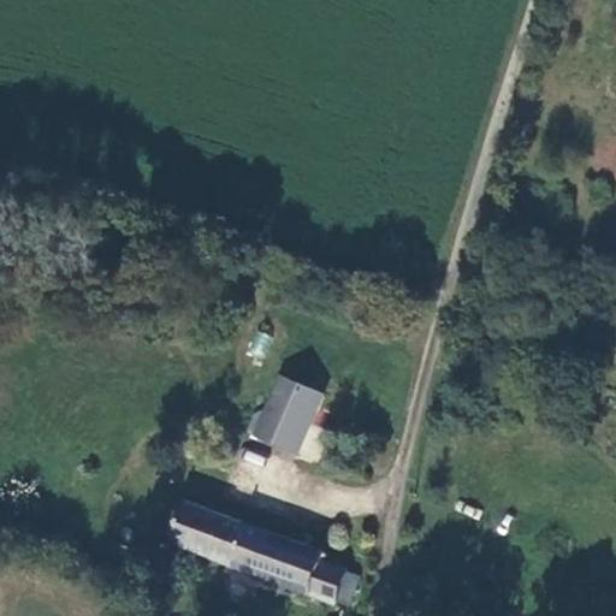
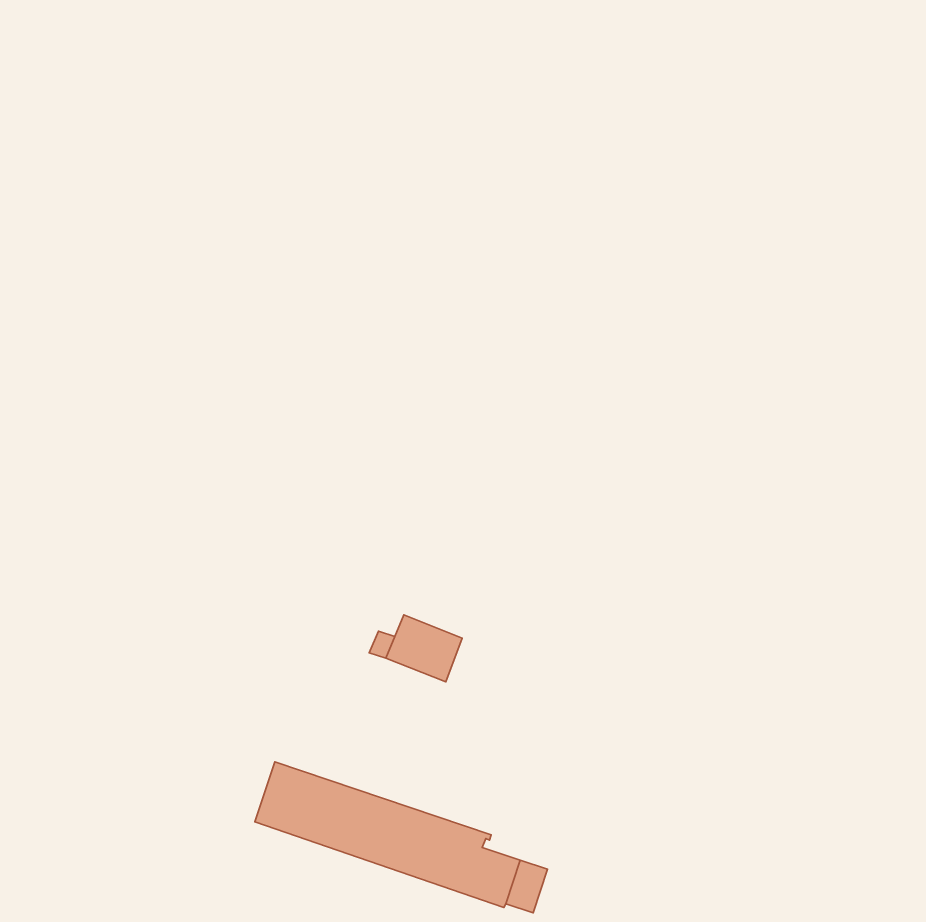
building: [267,379,318,422] -> none

